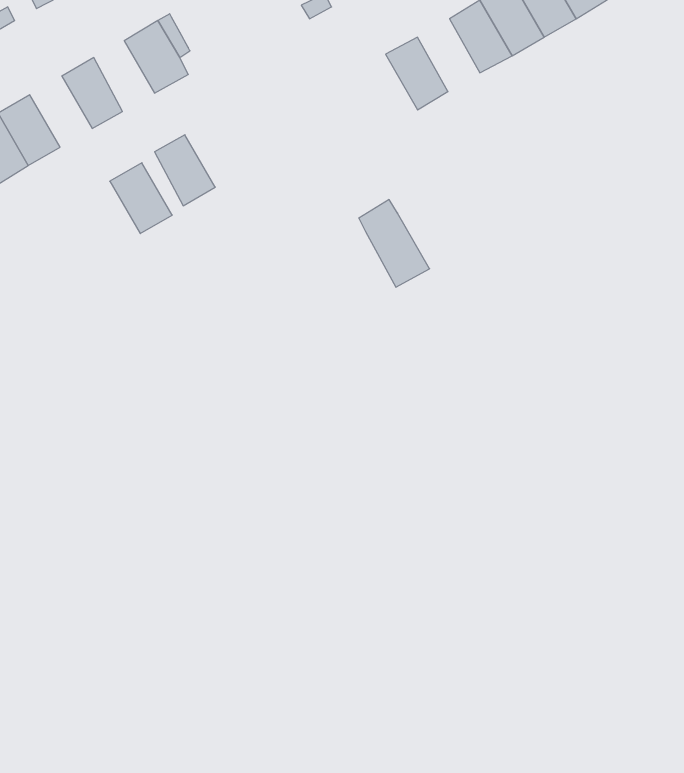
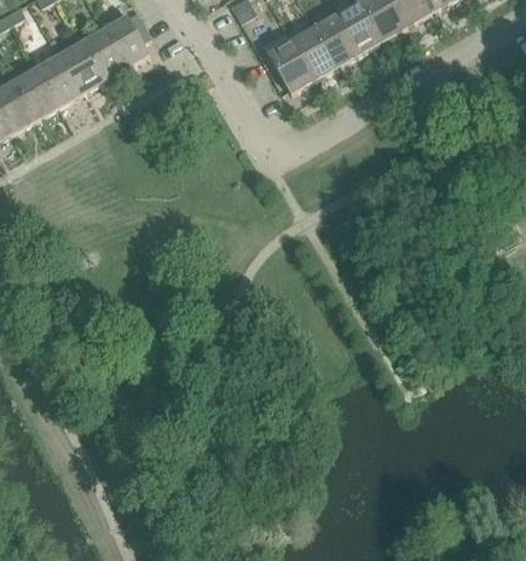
building: none -> [313,15,358,66]
building: [155,135,215,206] -> [81,30,125,81]
building: [110,163,172,234] -> [35,56,80,106]
building: [359,200,430,287] -> [262,30,313,93]

